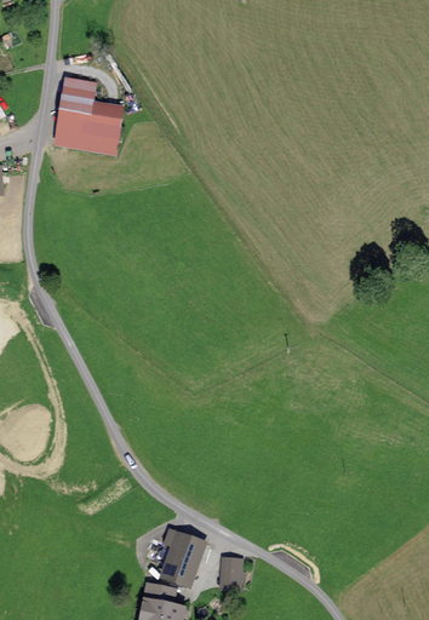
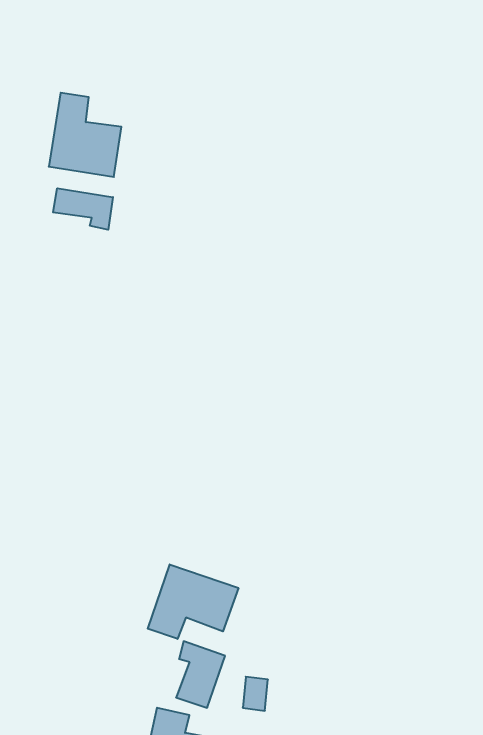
building: none -> [53,188,113,230]
building: none -> [148,564,238,639]

